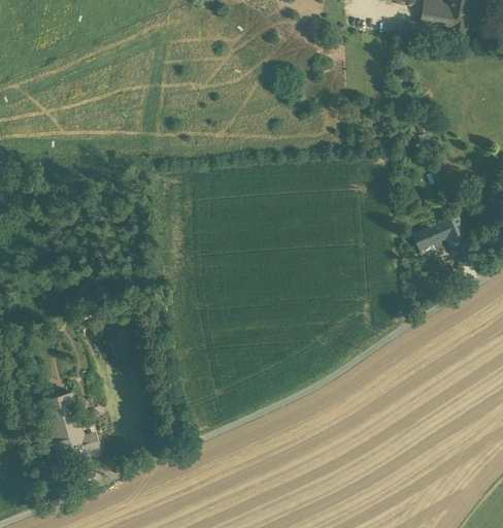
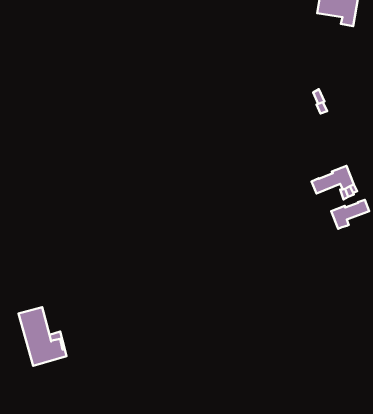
building: none -> [331,200,369,229]

